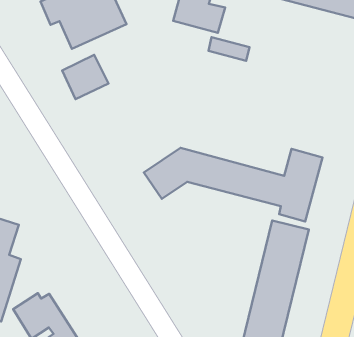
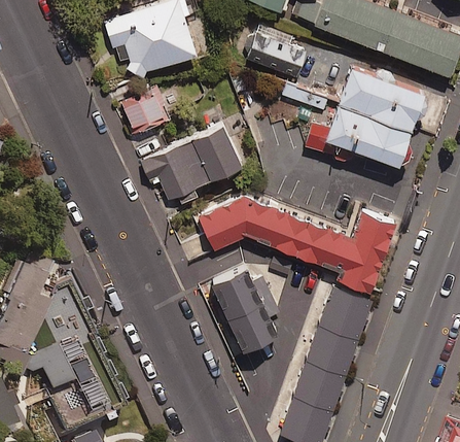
building: none -> [304,68,422,167]
building: none -> [142,127,240,206]
building: none -> [211,268,279,352]

